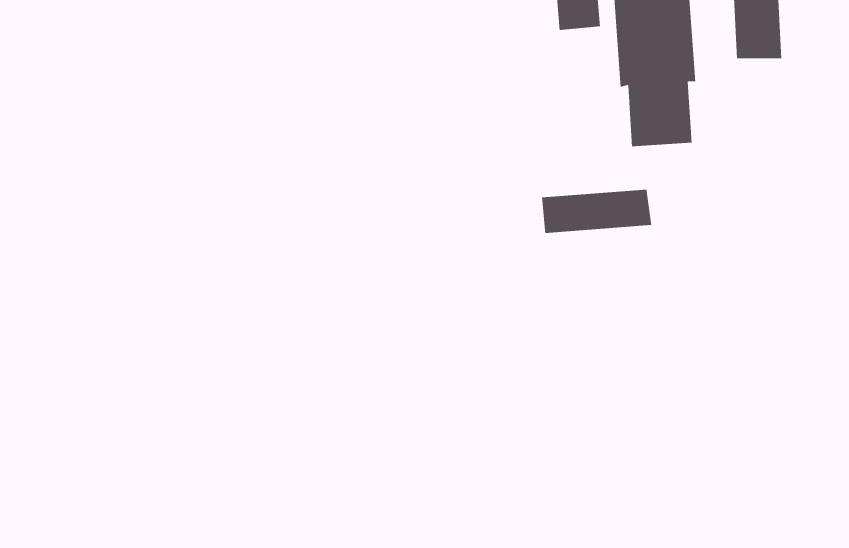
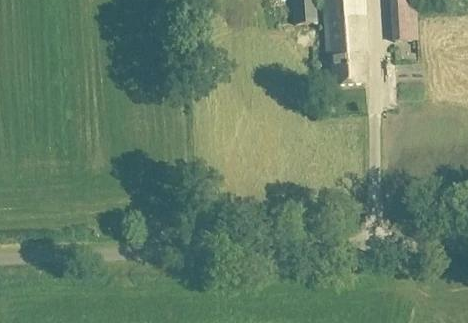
building: [542,189,652,234] -> none

